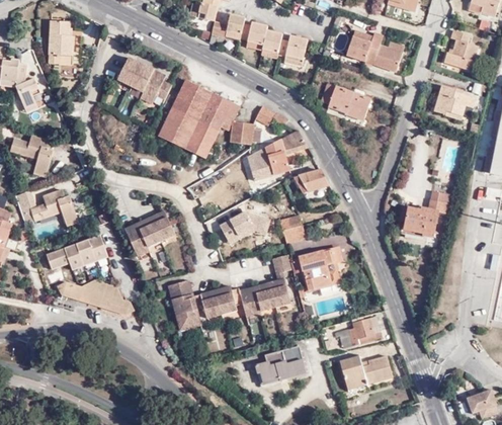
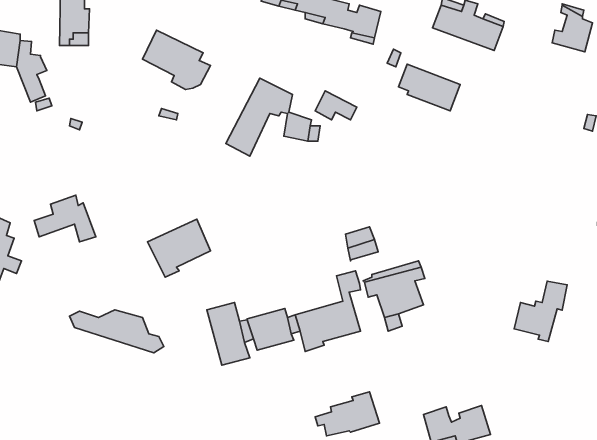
building: [153,79,210,147] -> none
building: [435,88,474,117] -> none
building: [245,132,308,178] -> none
building: [8,135,53,177] -> none
building: [295,171,331,193] -> none
building: [405,192,447,241] -> [514,281,567,342]
building: [218,209,270,246] -> none
building: [46,235,107,270] -> none
building: [337,315,379,347] -> none

